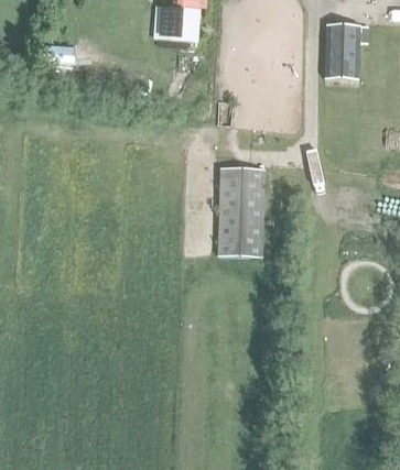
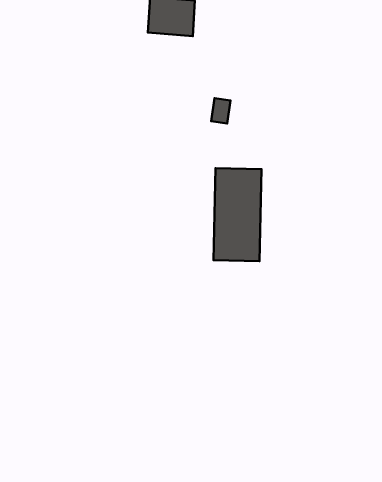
building: [326,23,361,77] -> none

